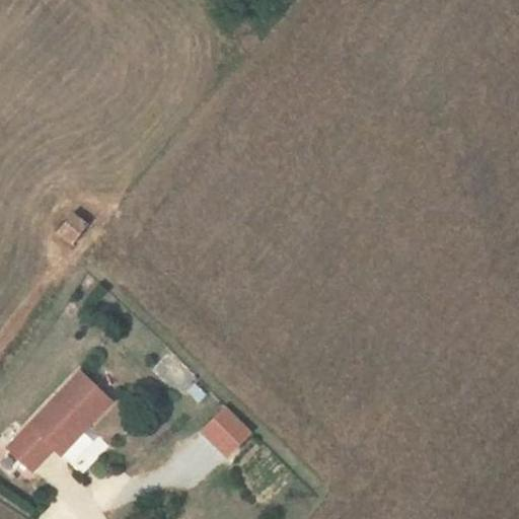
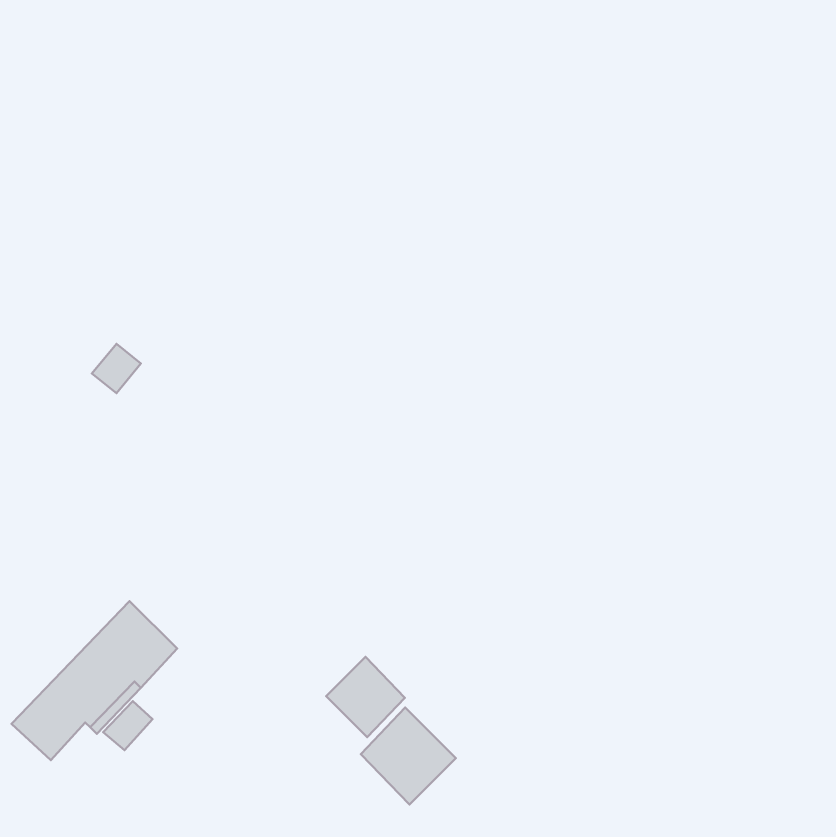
building: none -> [361,708,456,805]

